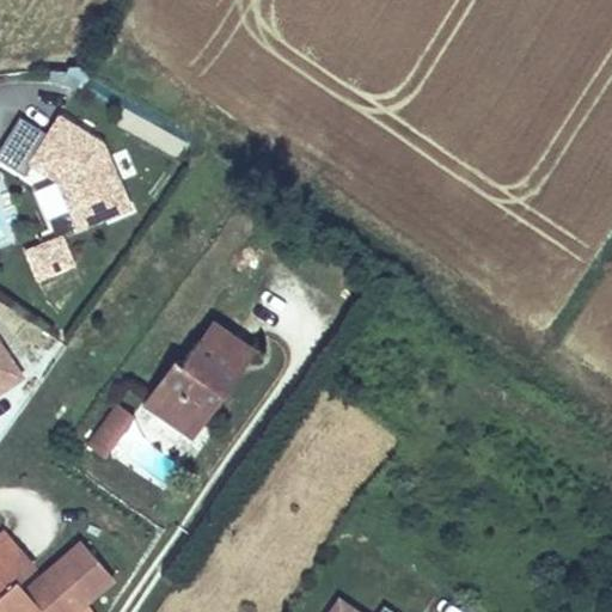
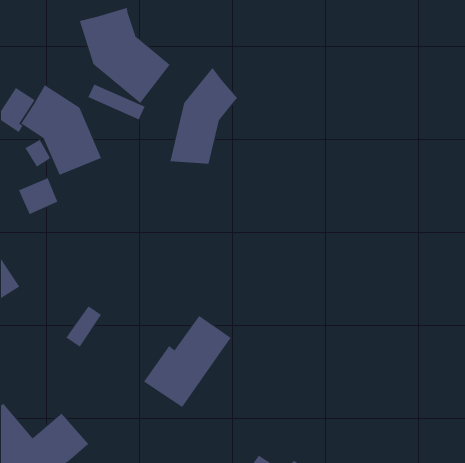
building: none -> [79,7,170,104]
building: none -> [170,67,238,164]
building: [140,318,256,440] -> [143,315,232,408]

